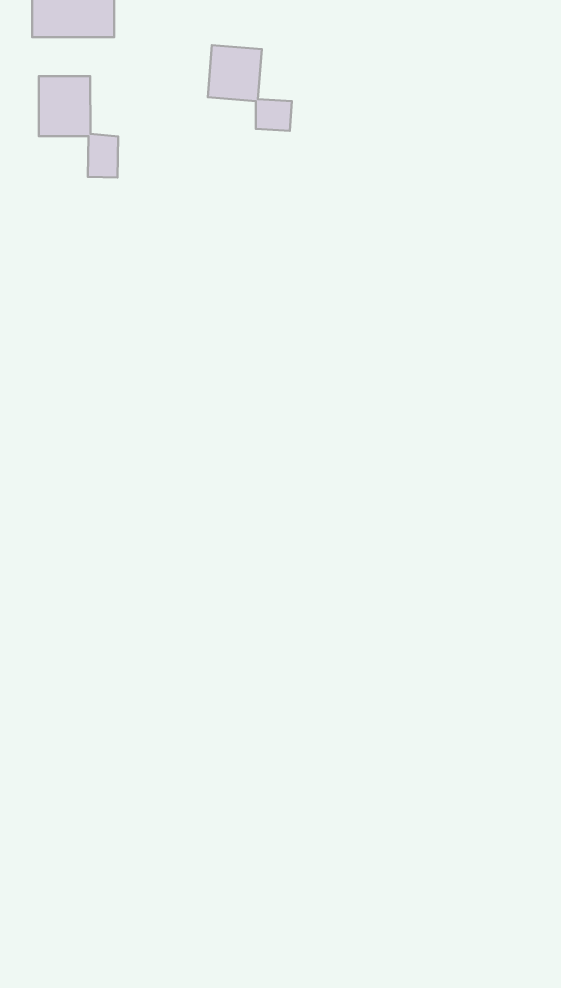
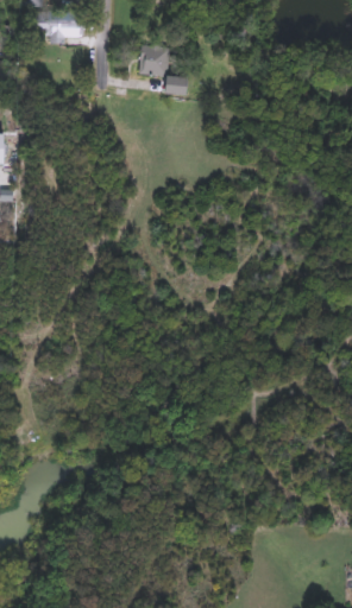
building: [39,76,118,177] -> none

